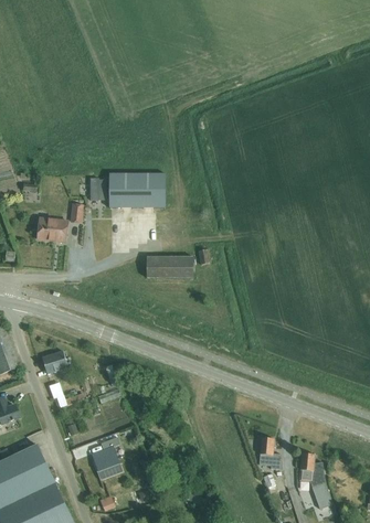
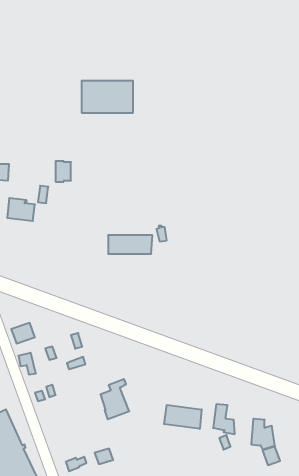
building: [110,173,166,207] -> [82,81,133,113]
building: [93,437,124,480] -> [100,379,129,419]
building: none -> [164,405,202,429]

